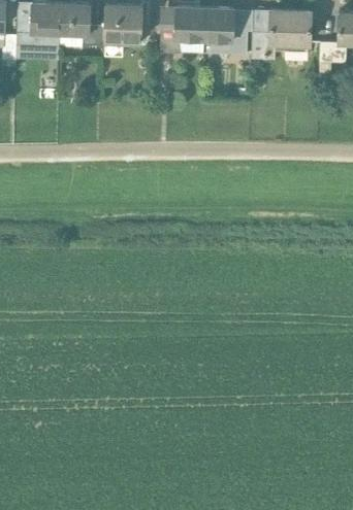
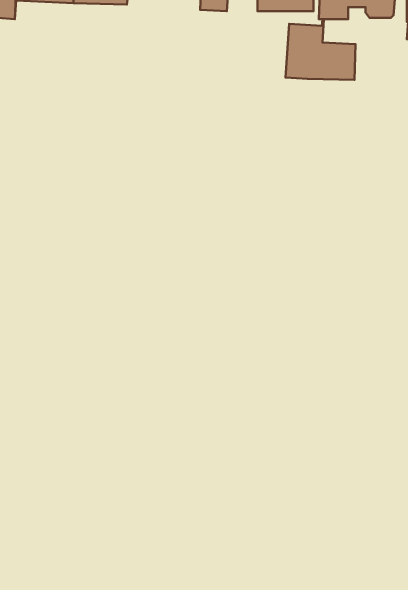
building: none -> [286,19,355,80]

